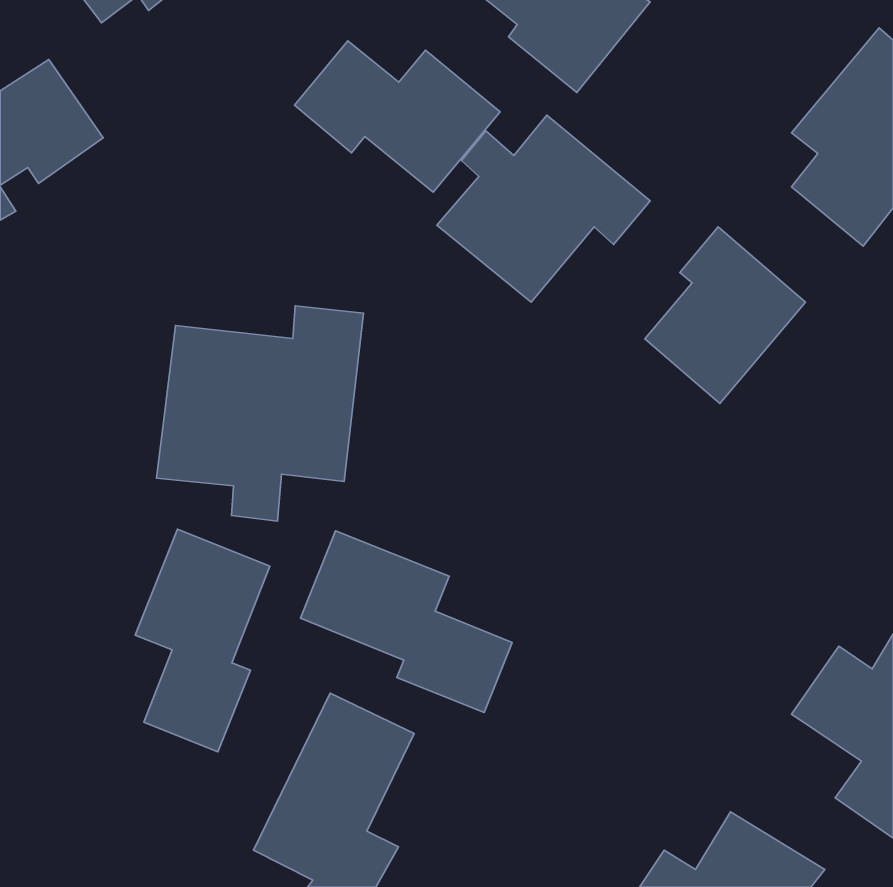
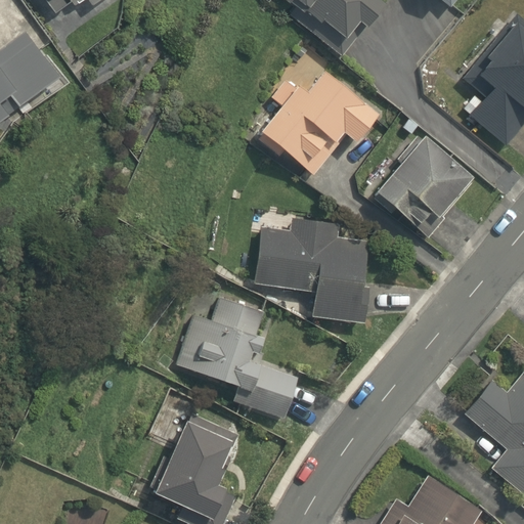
building: [294,41,500,192] -> none
building: [156,306,363,521] -> none
building: none -> [257,216,373,322]
building: [135,529,270,752] -> none

